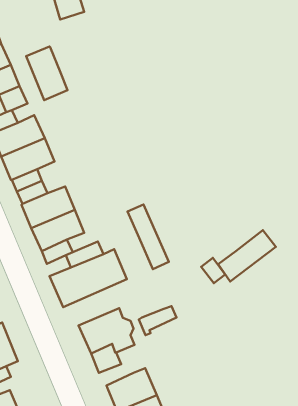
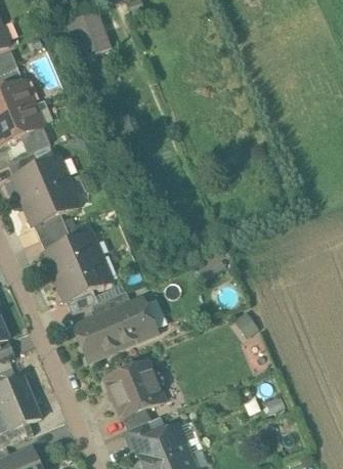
building: [26,46,68,100] -> none
building: [128,204,169,269] -> none
building: [218,230,276,282] -> none
building: [139,306,176,335] -> [123,417,163,447]

